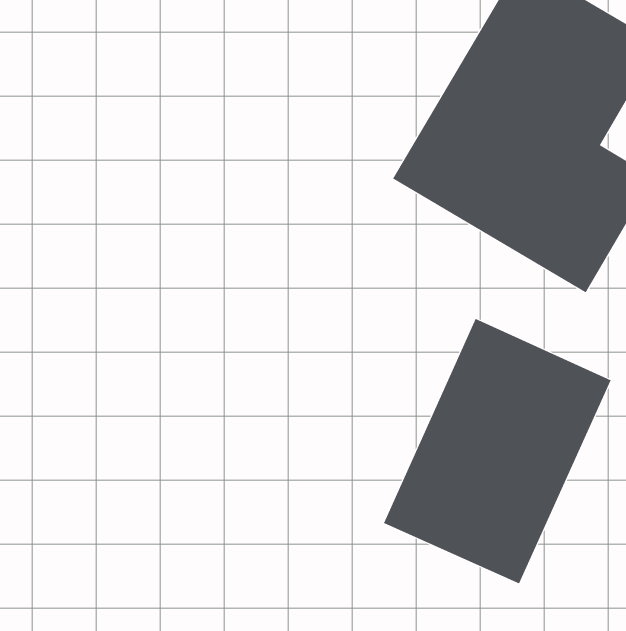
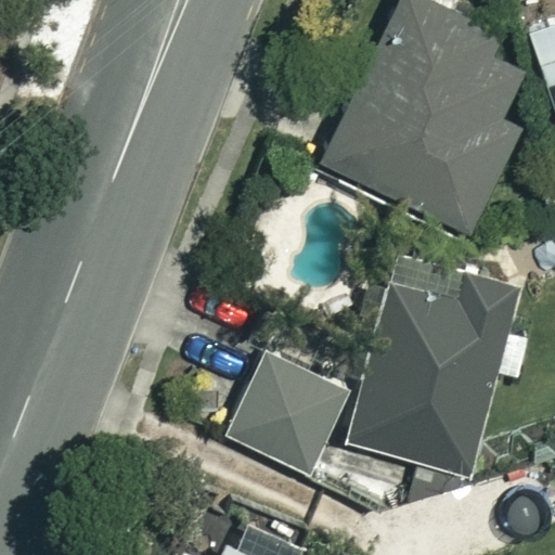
building: none -> [225,354,346,474]

